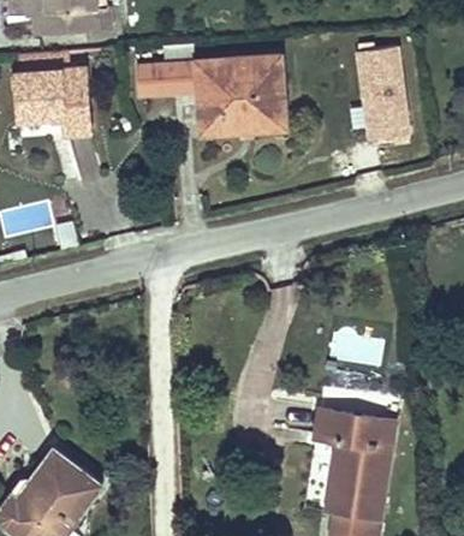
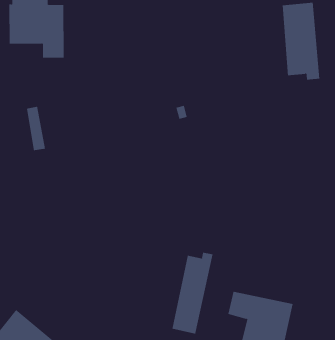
building: [138,56,285,135] -> none
building: none -> [172,252,213,335]

